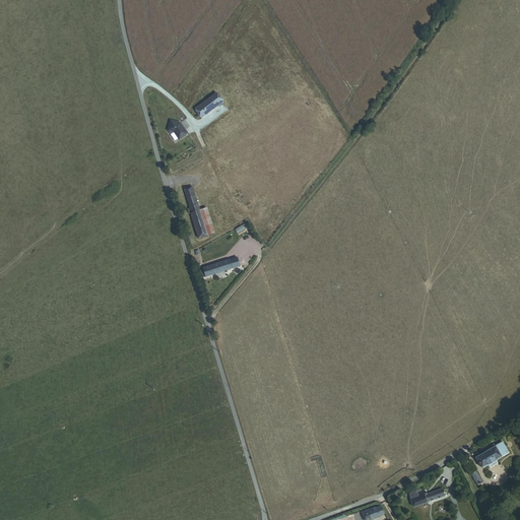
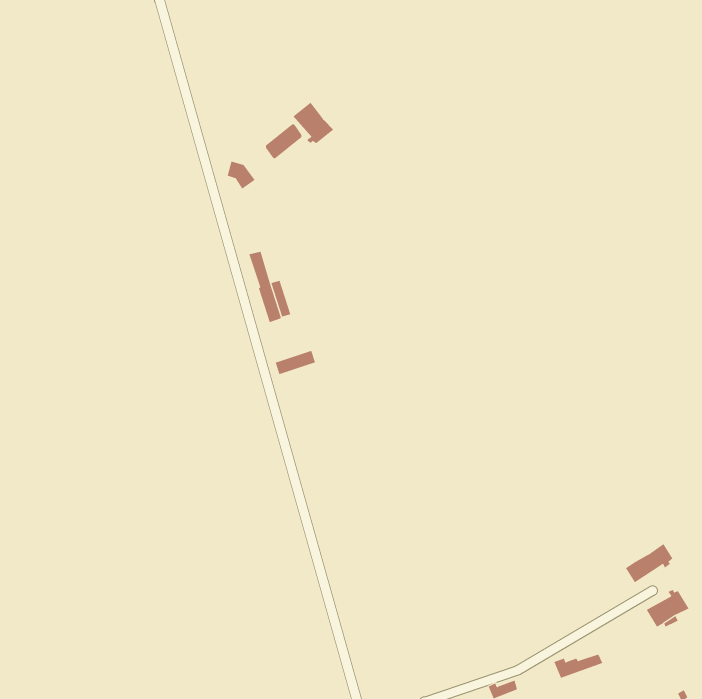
building: none -> [293,102,334,144]
building: none -> [625,543,673,583]

